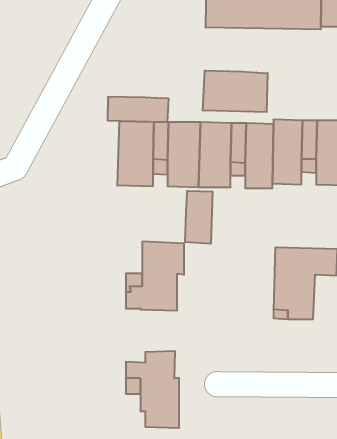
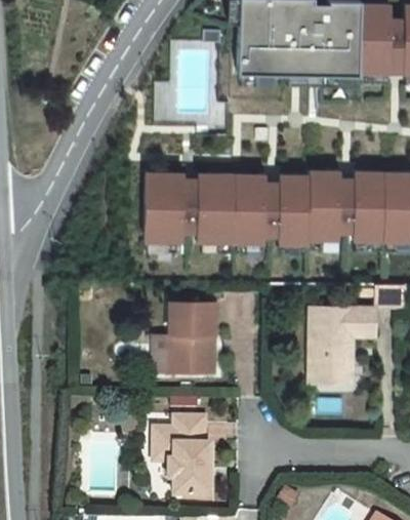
building: [203,70,268,112] -> none
building: [108,97,168,122] -> none
building: [185,191,212,244] -> none

